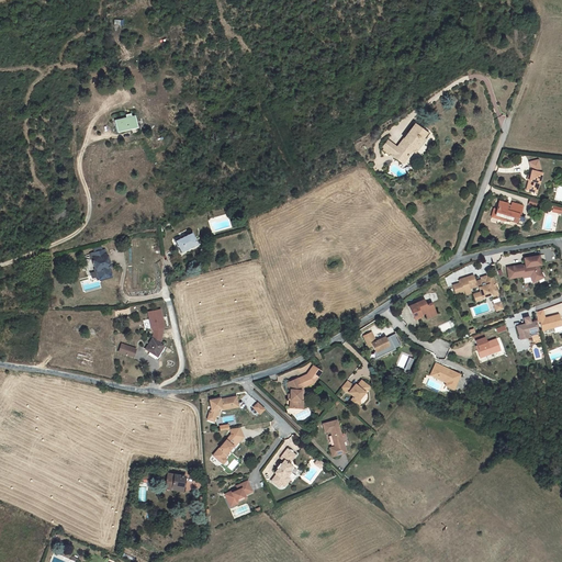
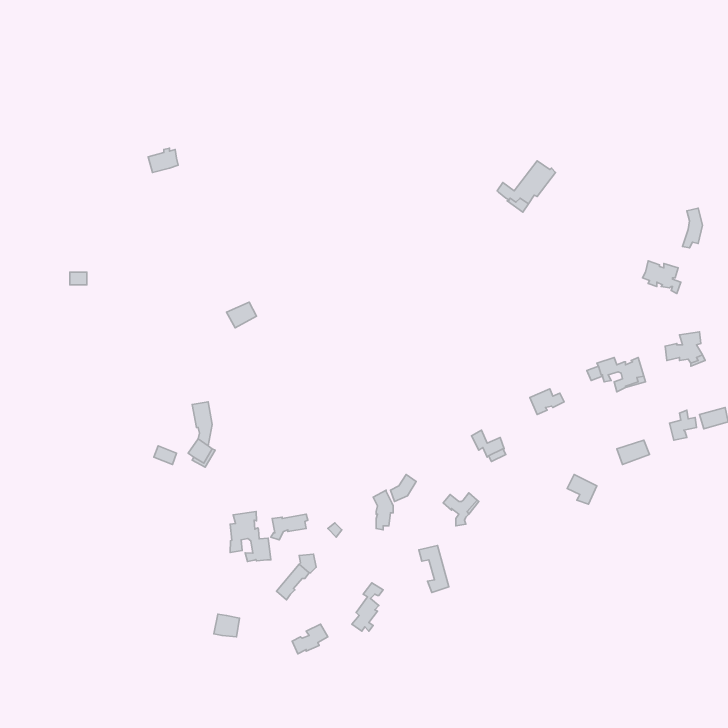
building: [90,249,113,281] -> none
building: none -> [230,512,271,561]

